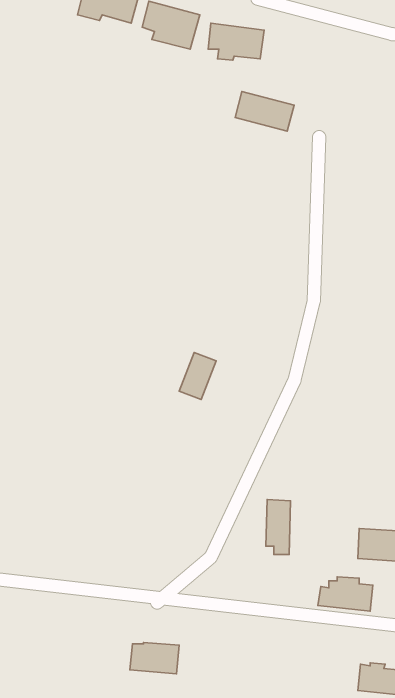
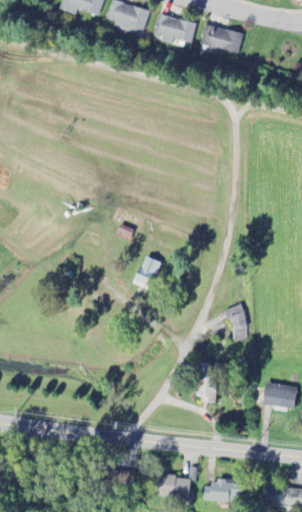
building: [235,91,294,131] -> [201,26,244,55]
building: none -> [231,308,246,341]
building: [318,577,373,611] -> [201,477,241,502]
building: none -> [153,465,195,499]

